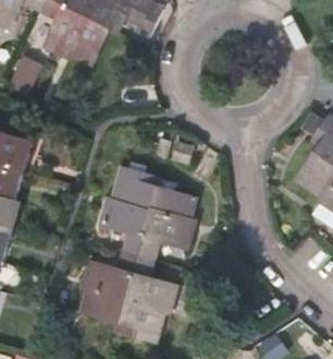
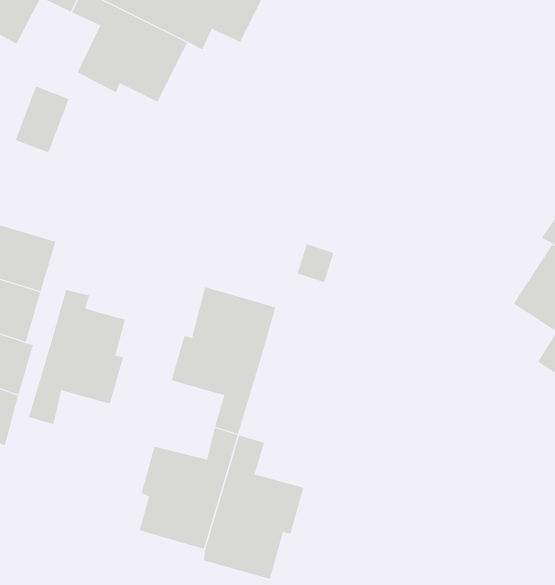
building: [138,180,195,259] -> [28,290,126,425]

